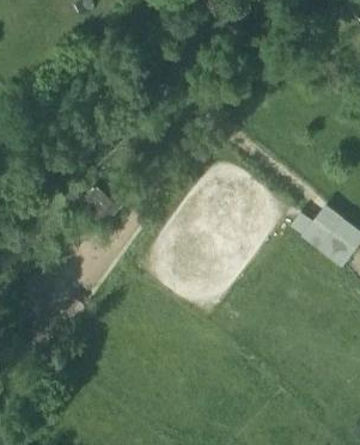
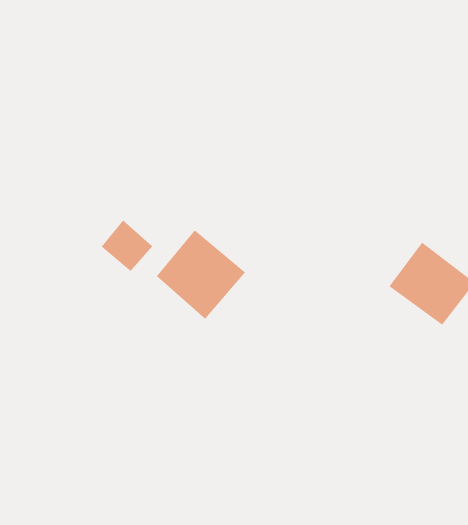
building: none -> [156,229,246,319]

